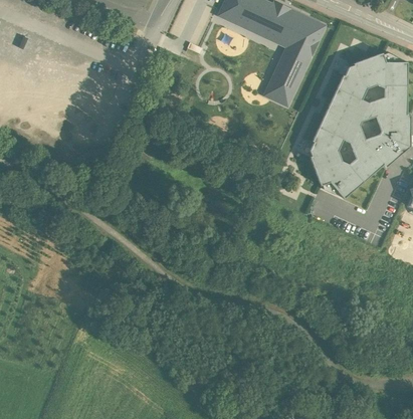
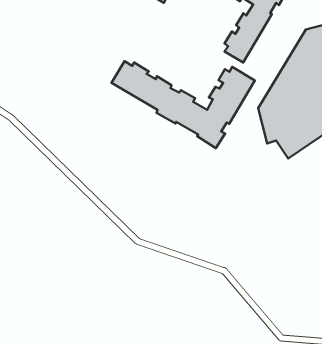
building: none -> [112,61,255,148]

